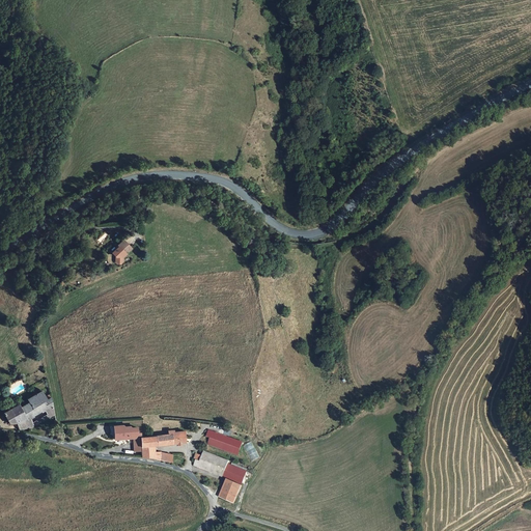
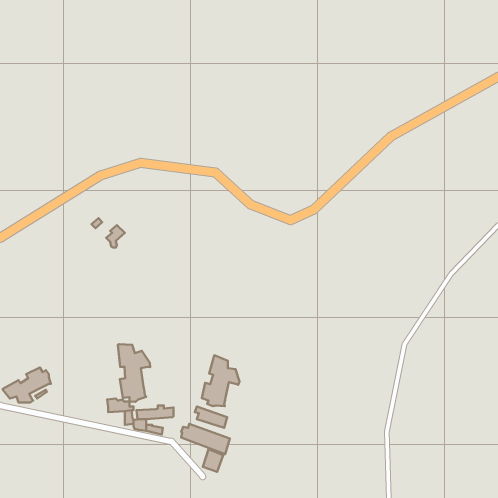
building: none -> [118,344,150,402]
building: none -> [202,355,240,406]

